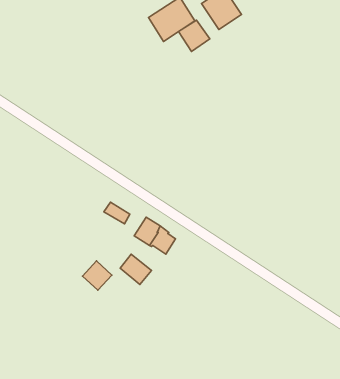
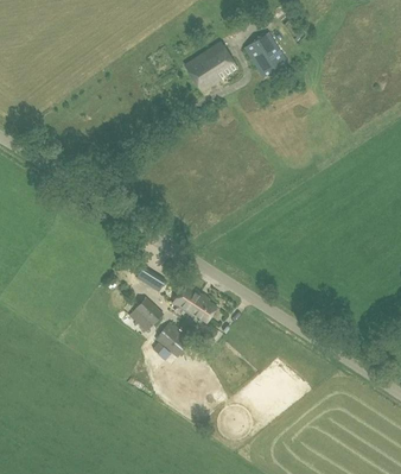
building: [178,20,210,52] -> none
building: [83,261,112,290] -> [129,298,161,330]

